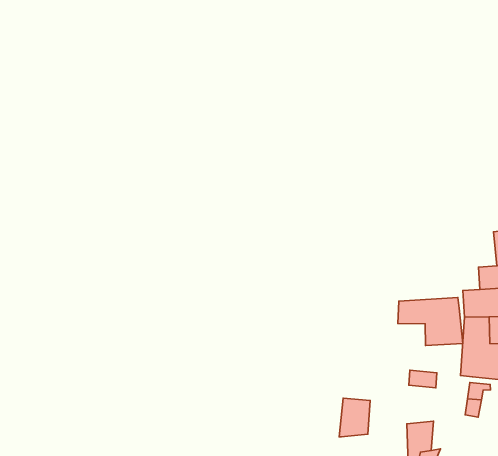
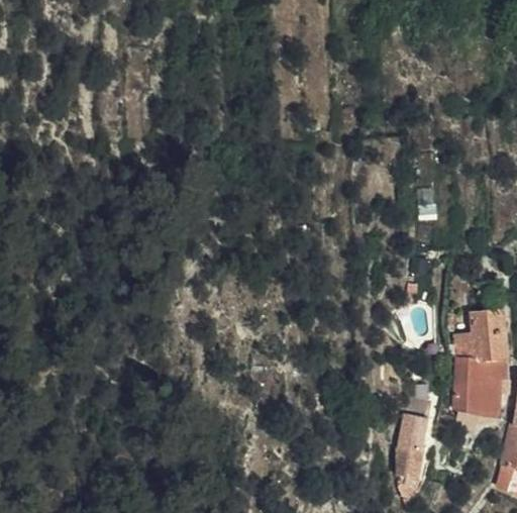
building: [398,297,463,346] -> none
building: [339,398,370,437] -> [395,415,426,451]

